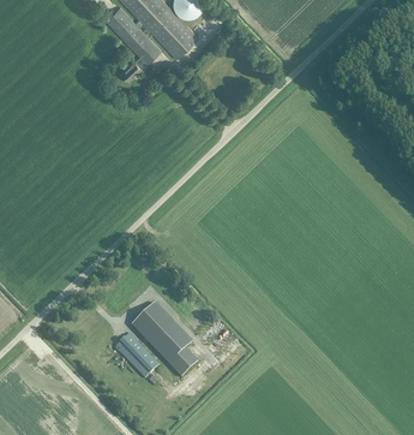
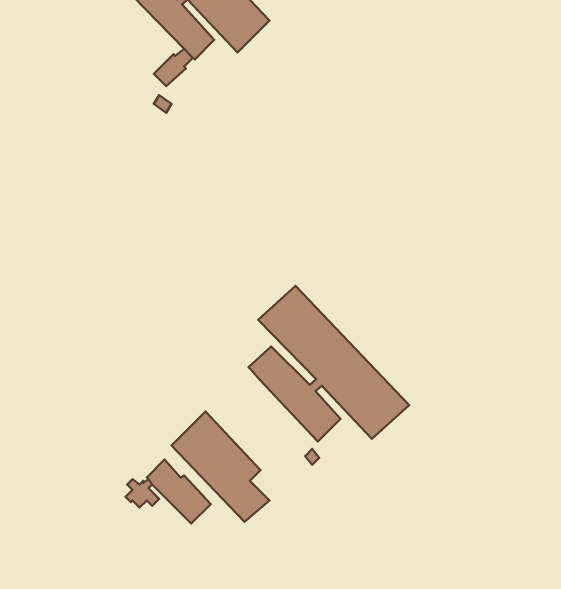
building: none -> [248,286,409,441]

